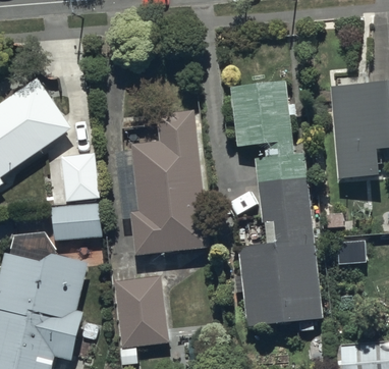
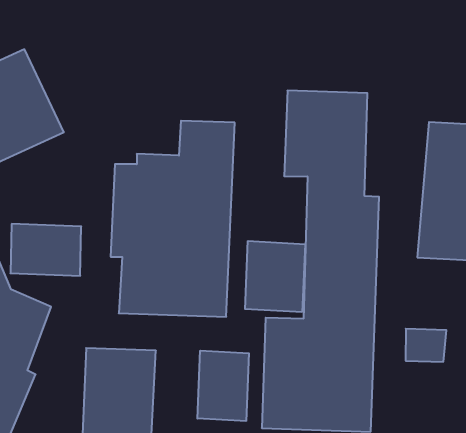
building: [60,153,98,199] -> none
building: none -> [245,241,305,312]
building: none -> [197,351,249,421]

